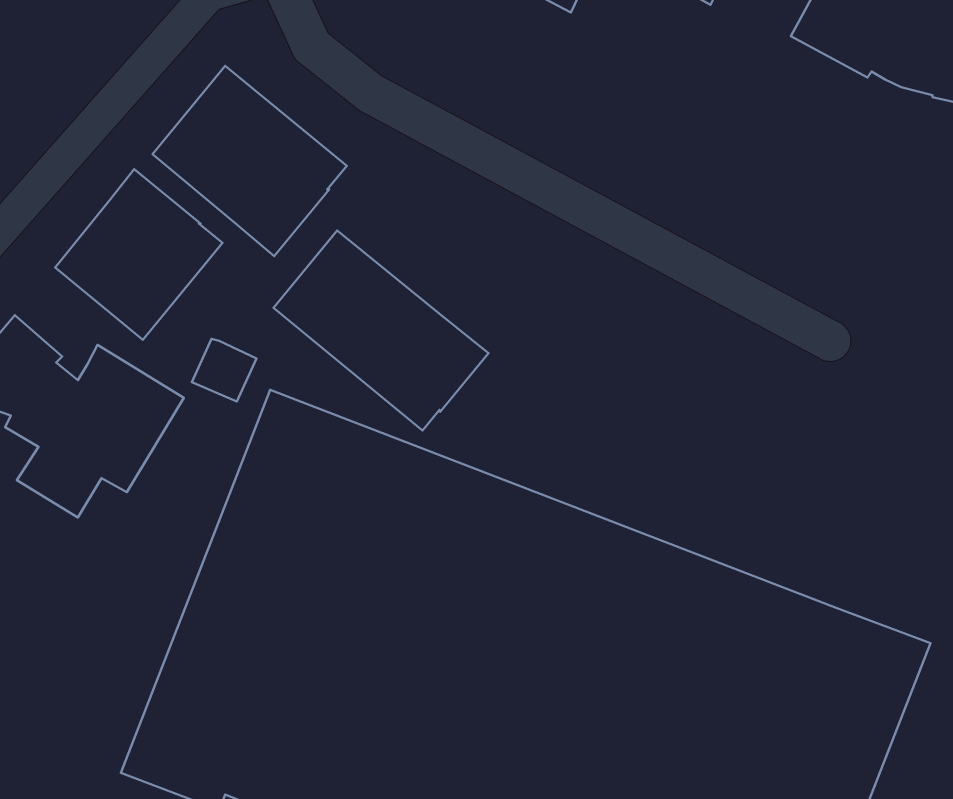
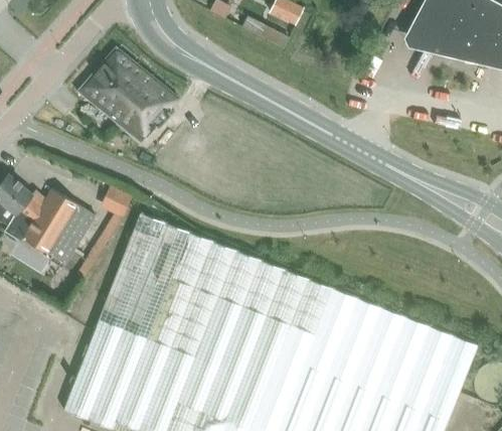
building: [55,169,222,340] -> none
building: [273,230,488,431] -> none

